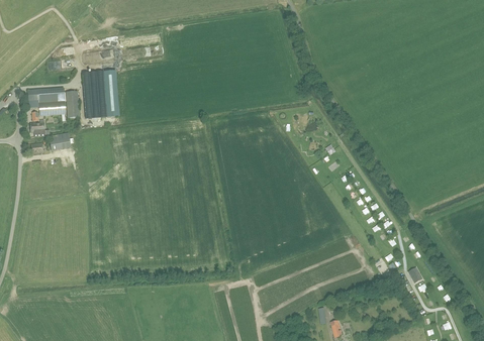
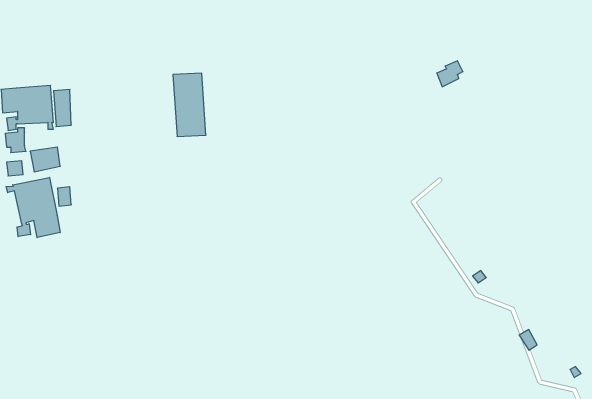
building: [84,70,108,116] -> [173,73,206,136]
building: none -> [6,177,60,238]

